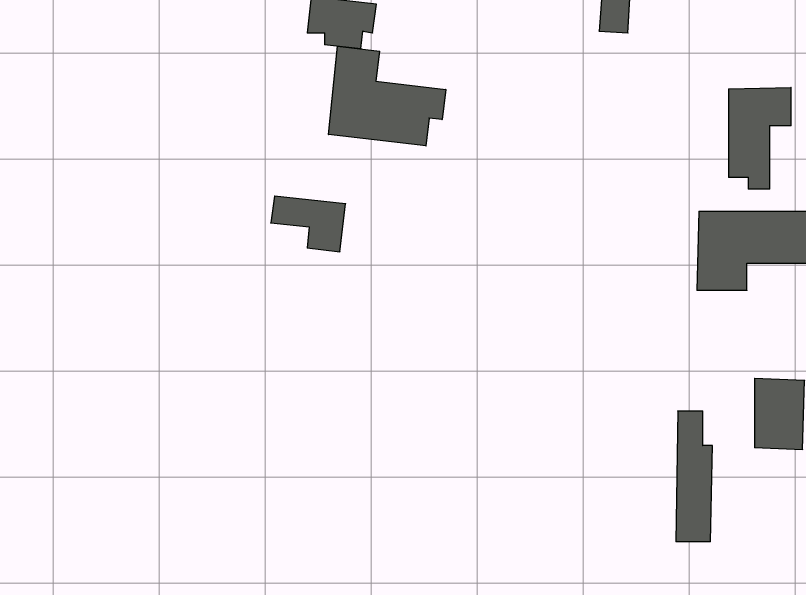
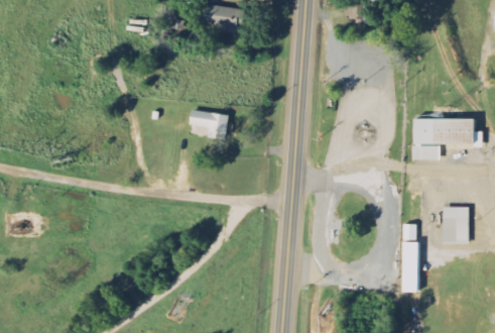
building: [329,46,446,146] -> none
building: [729,87,791,189] -> none

